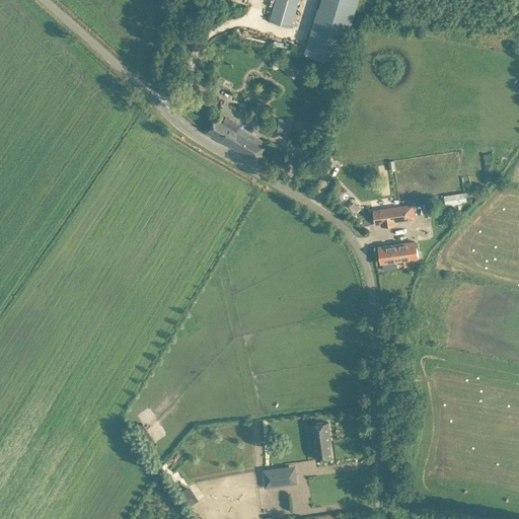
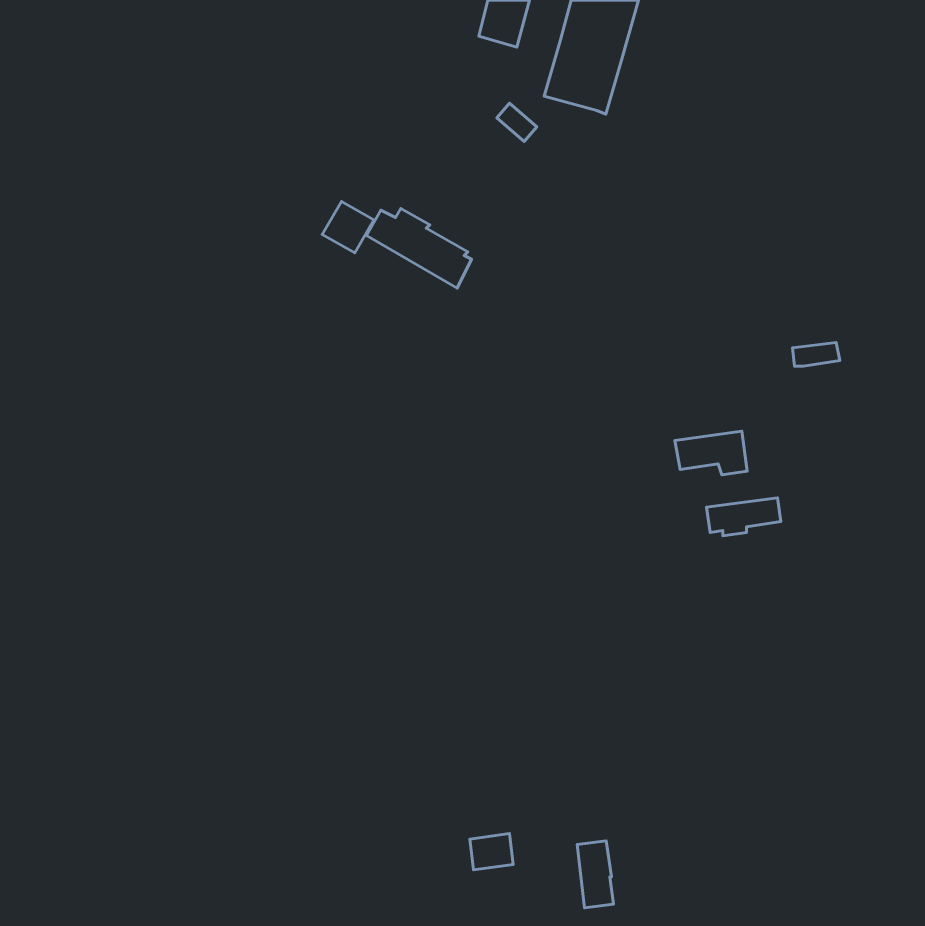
building: none -> [322,202,374,253]
building: [372,205,414,226] -> [707,498,781,536]
building: [311,422,331,459] -> [577,841,613,908]

